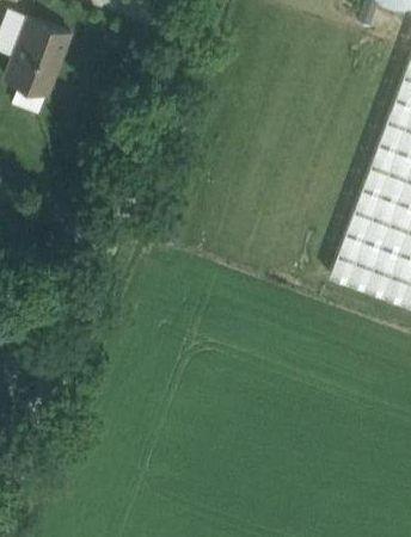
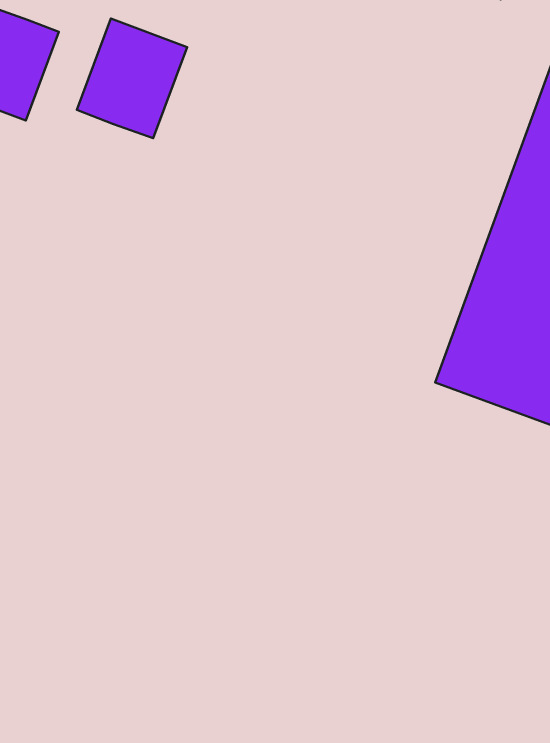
building: none -> [77,19,187,138]

